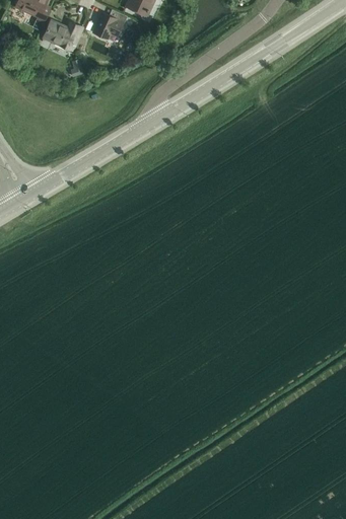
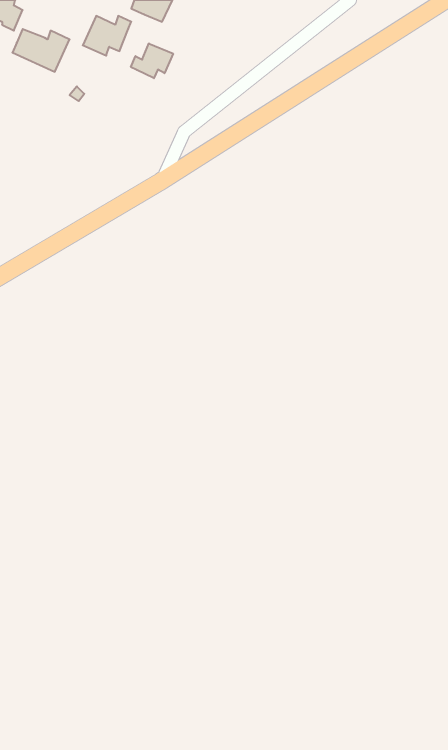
building: none -> [131,43,173,78]

